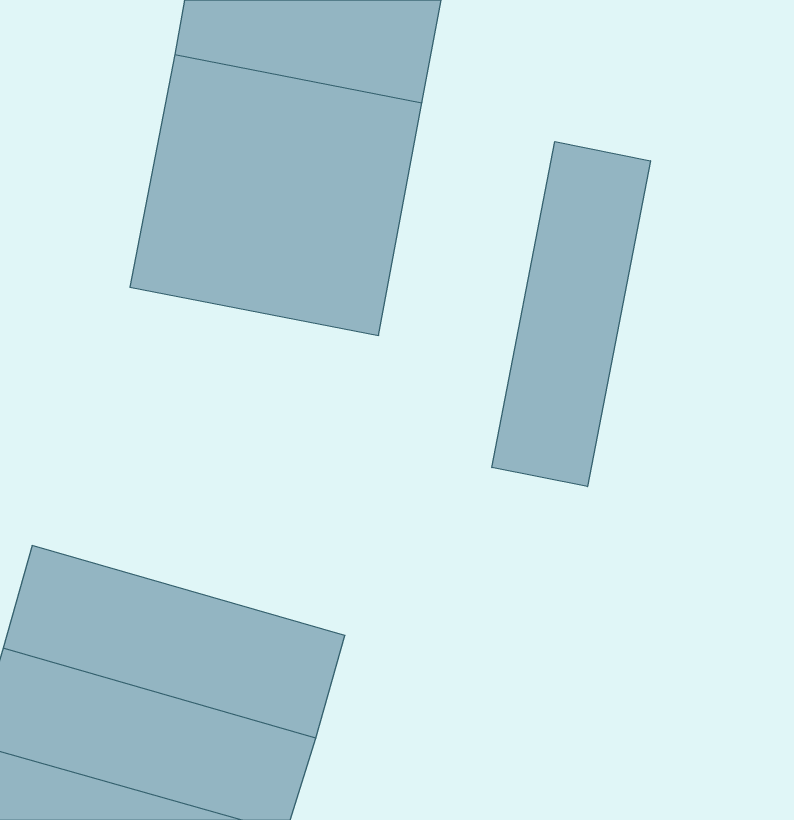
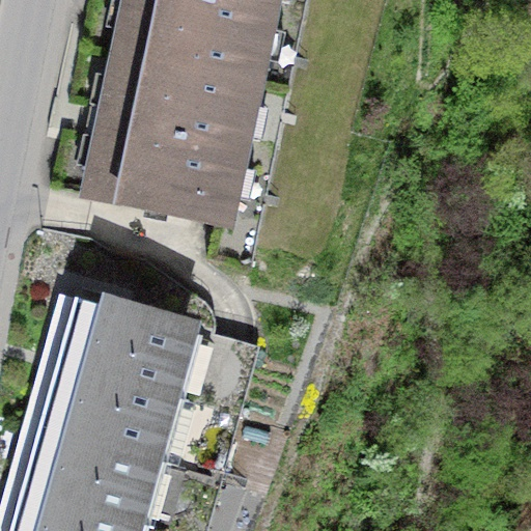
building: [492,142,650,487] -> none
building: none -> [21,288,242,411]

